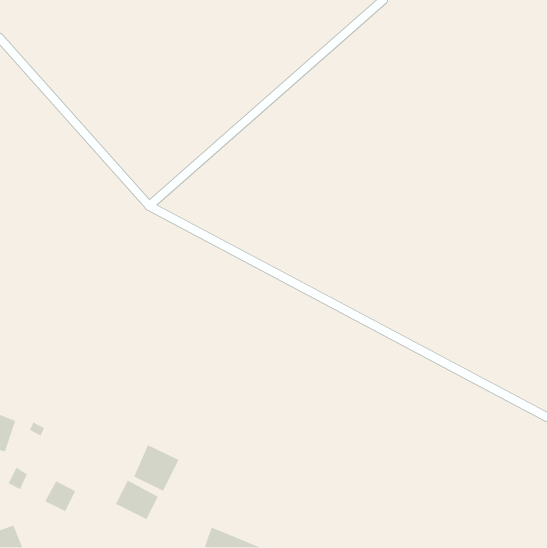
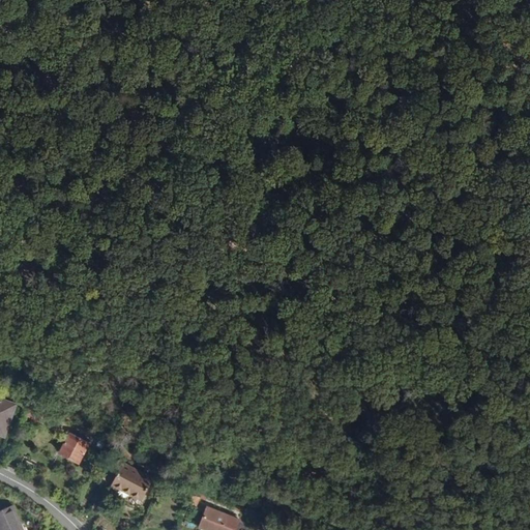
building: [133,444,180,492] -> none
building: [44,480,76,512] -> [59,435,90,466]

